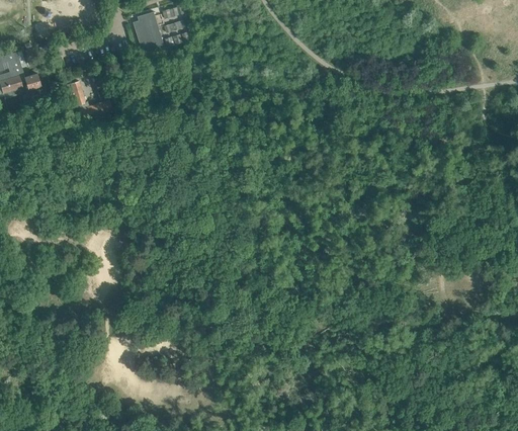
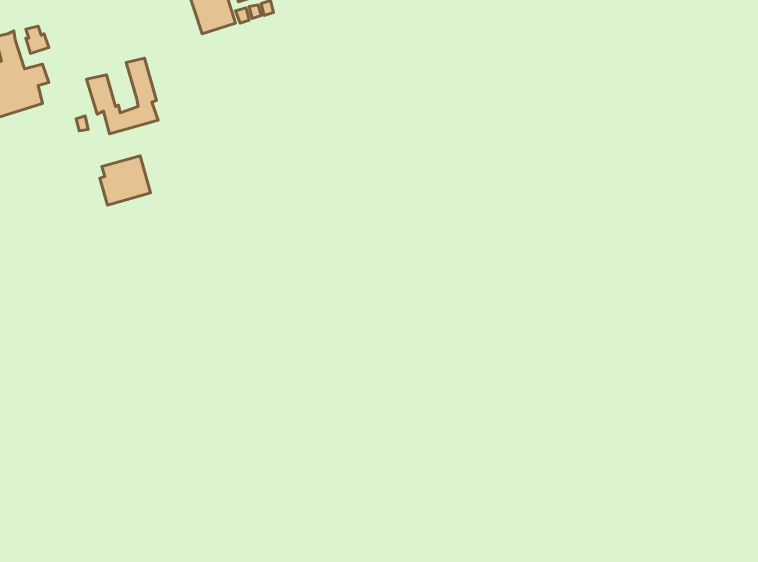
building: none -> [100,156,150,205]

